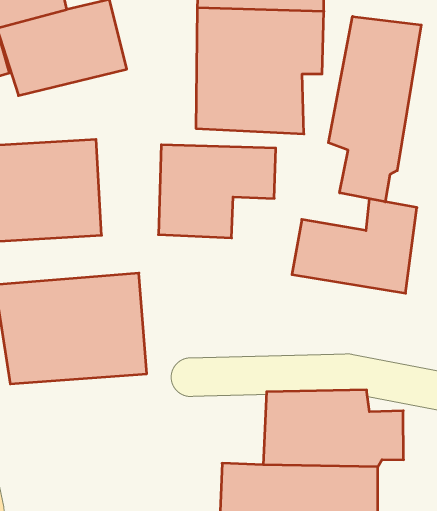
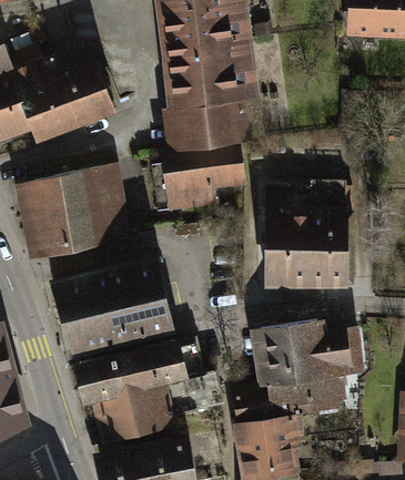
building: [328,16,421,202] -> none
building: none -> [263,243,347,286]
building: none -> [75,339,226,435]

